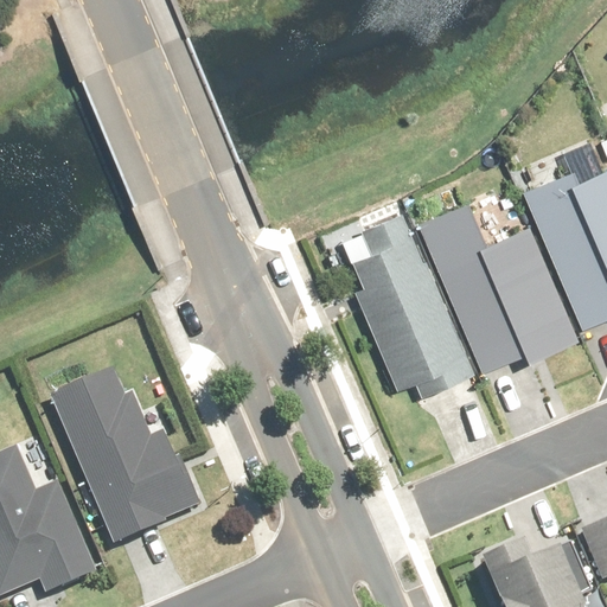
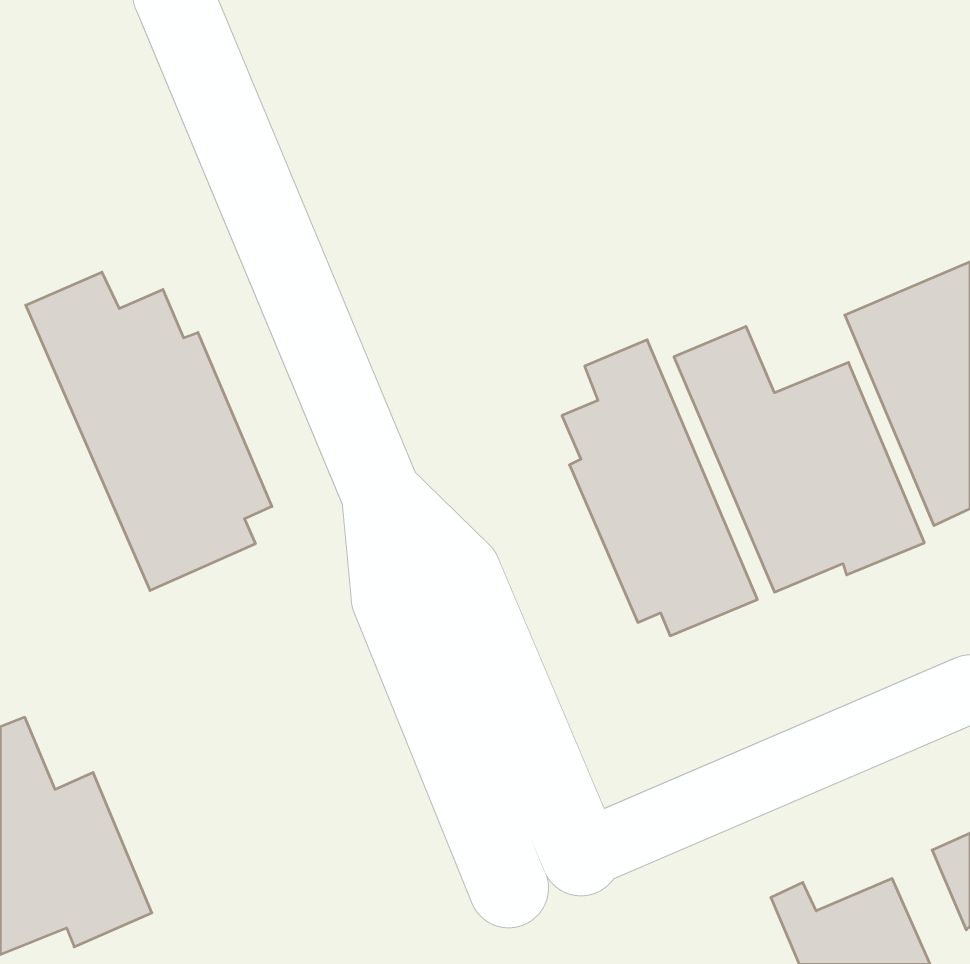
building: none -> [26,272,272,591]
building: [52,369,198,543] -> none

